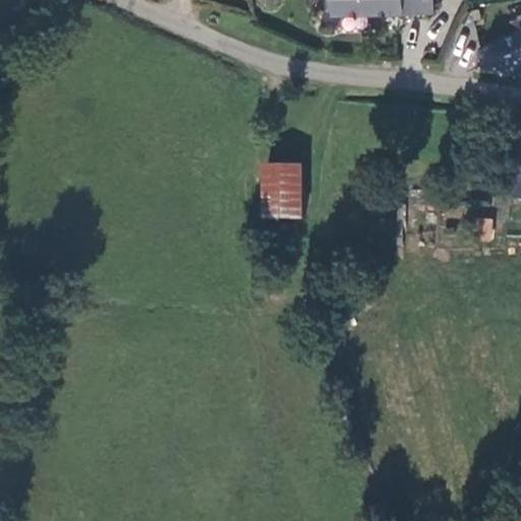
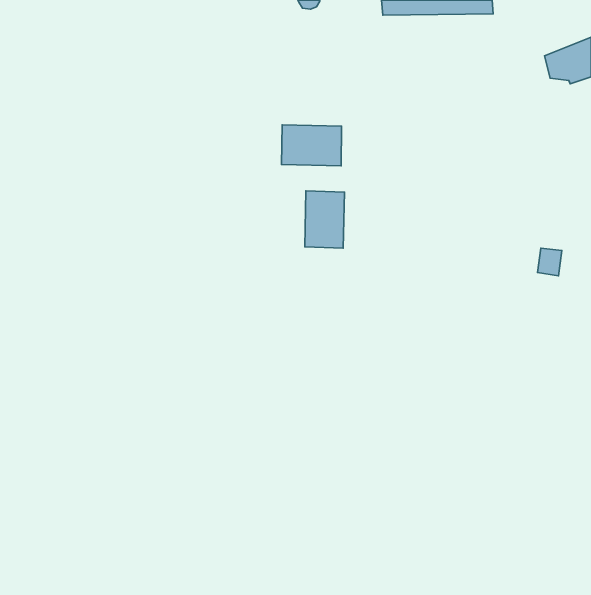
building: none -> [282,125,342,166]

